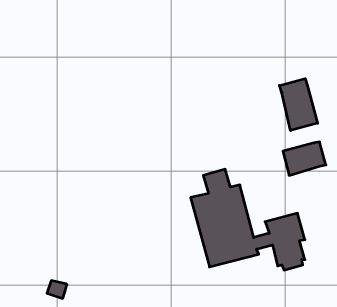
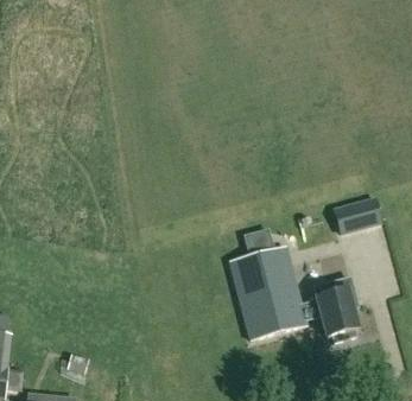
building: [279,79,318,131] -> none

